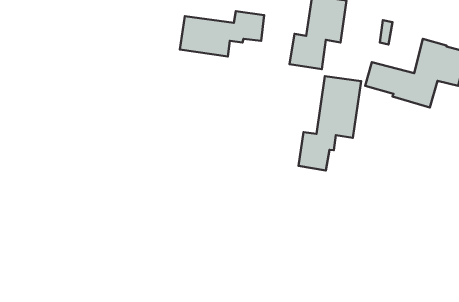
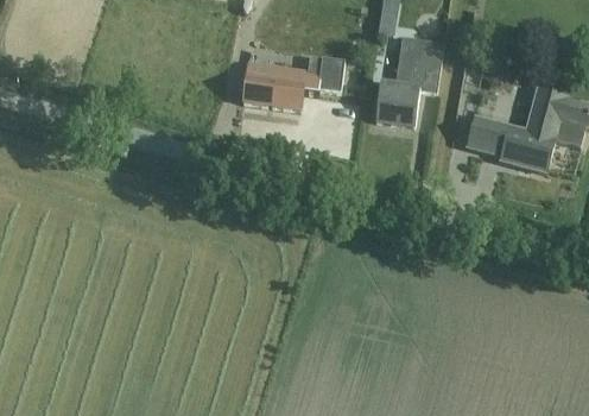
building: [298,76,361,171] -> none

